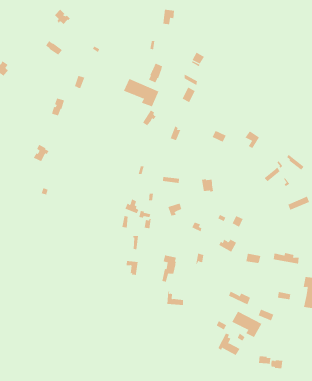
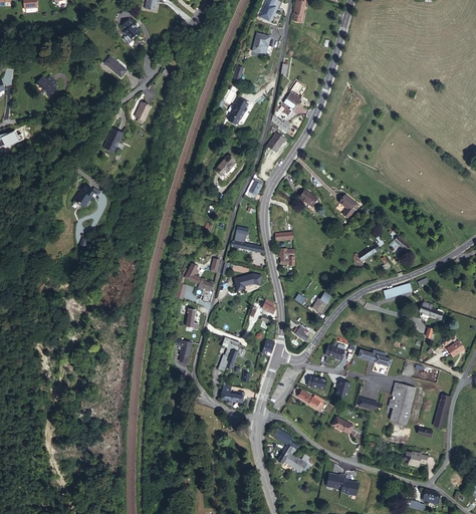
building: [123,78,159,107] -> none
building: [231,311,262,338] -> none

